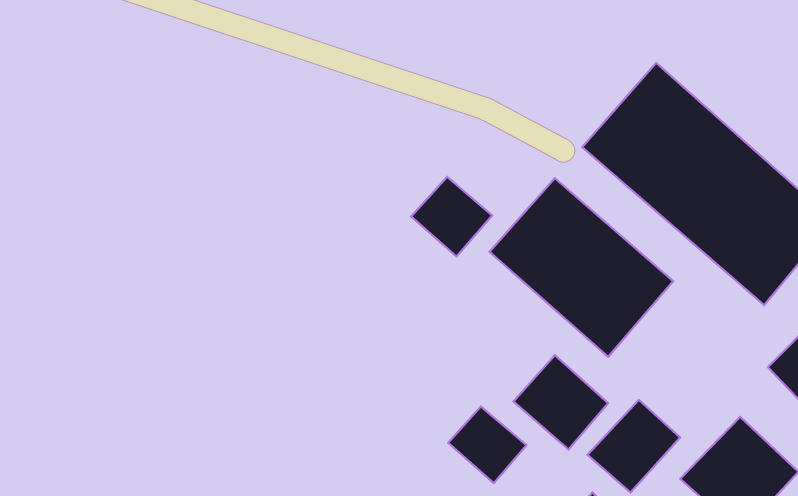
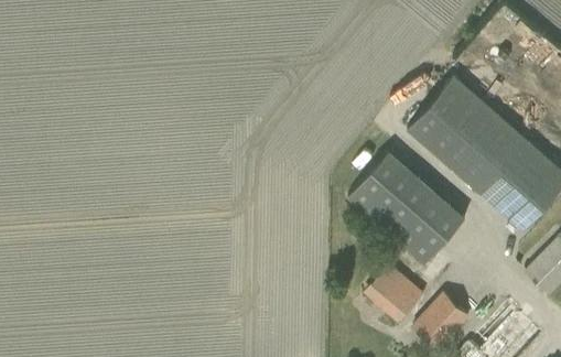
building: [411,177,492,257] -> none
building: [448,407,526,483] -> none

